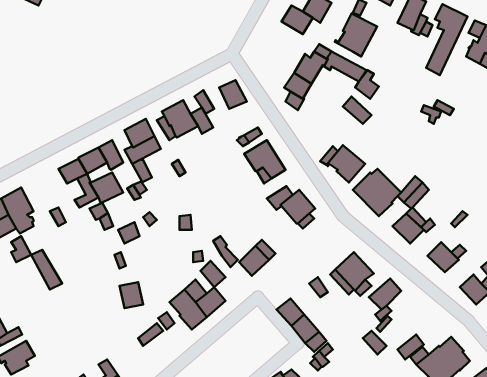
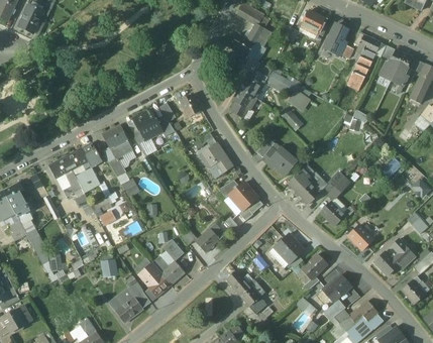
building: [335,14,377,56] -> none
building: none -> [322,274,351,303]
building: none -> [115,297,143,323]

